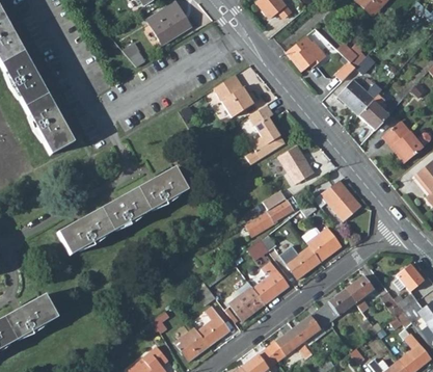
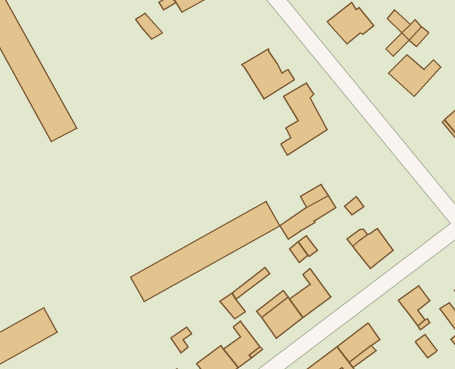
building: [359,95,388,130] -> none
building: [279,143,316,183] -> none
building: [59,168,186,254] -> [131,201,280,302]
building: [321,180,361,221] -> none
building: [280,246,322,280] -> none
building: [320,289,356,322] -> none

